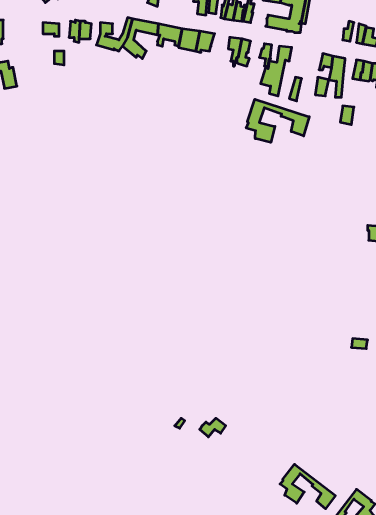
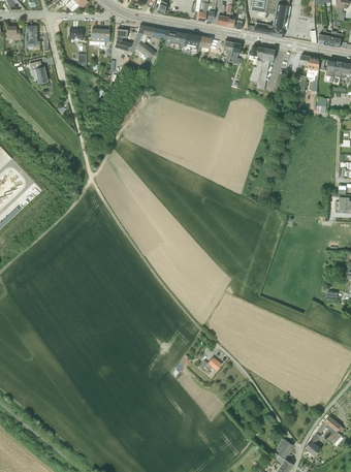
building: [246,99,309,142] -> none
building: [280,464,335,509] -> none

